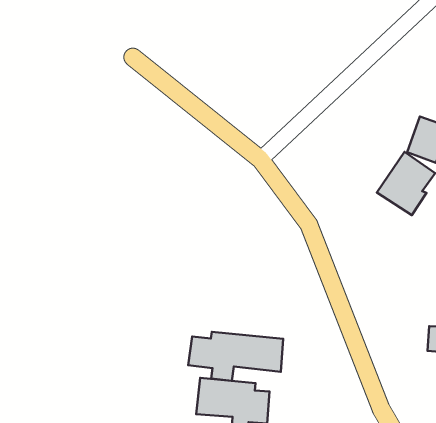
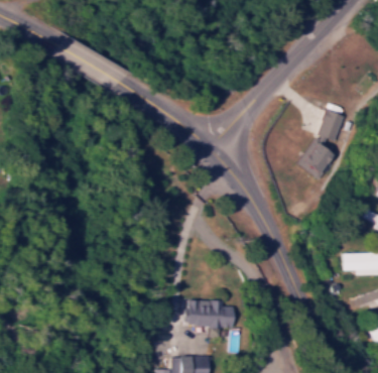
building: [188,332,283,381] -> none

